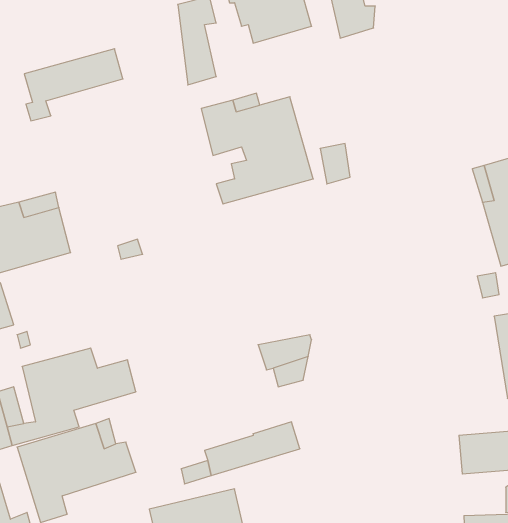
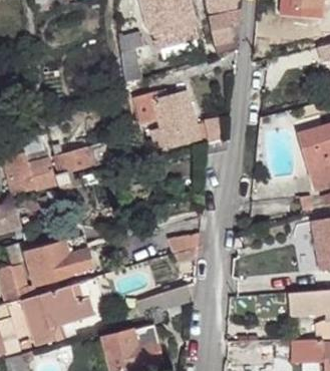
building: [24,49,123,121] -> [54,141,113,184]

